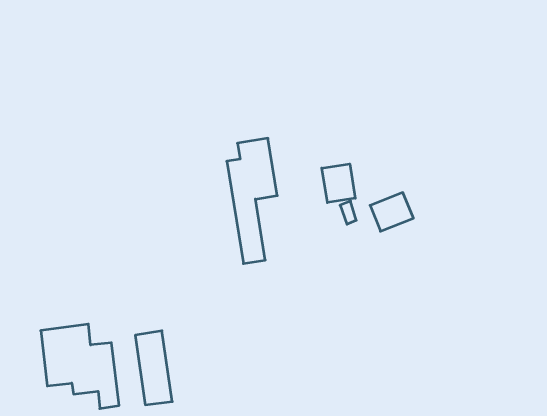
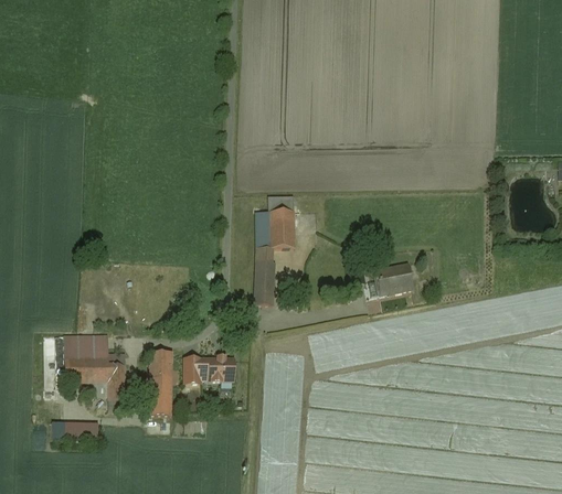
building: [322,164,355,203] -> none
building: none -> [184,354,238,384]

